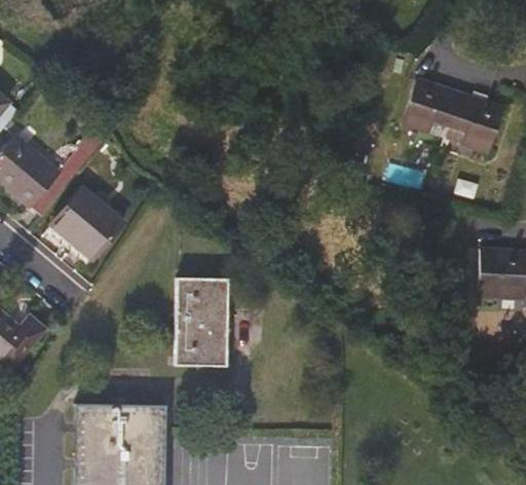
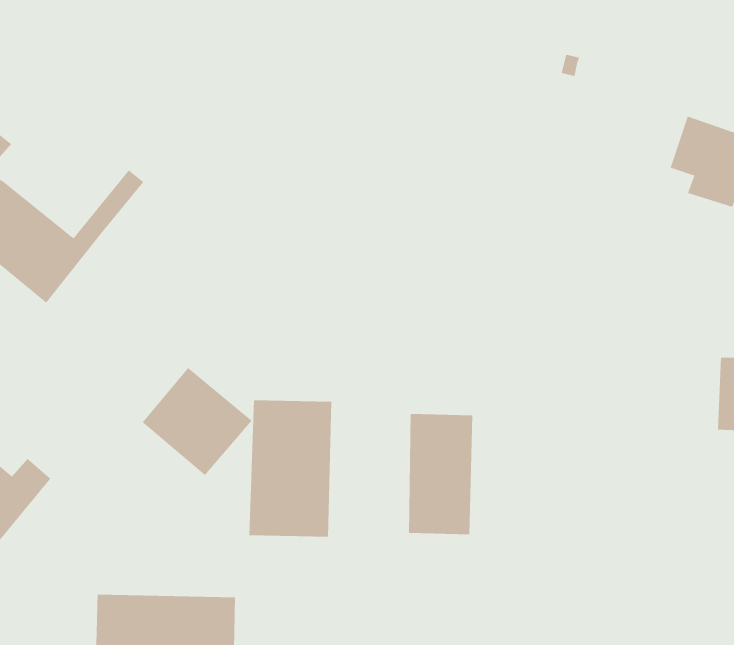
building: [401,78,459,133] -> none
building: [51,188,123,259] -> [142,367,252,476]
building: none -> [409,413,473,535]

